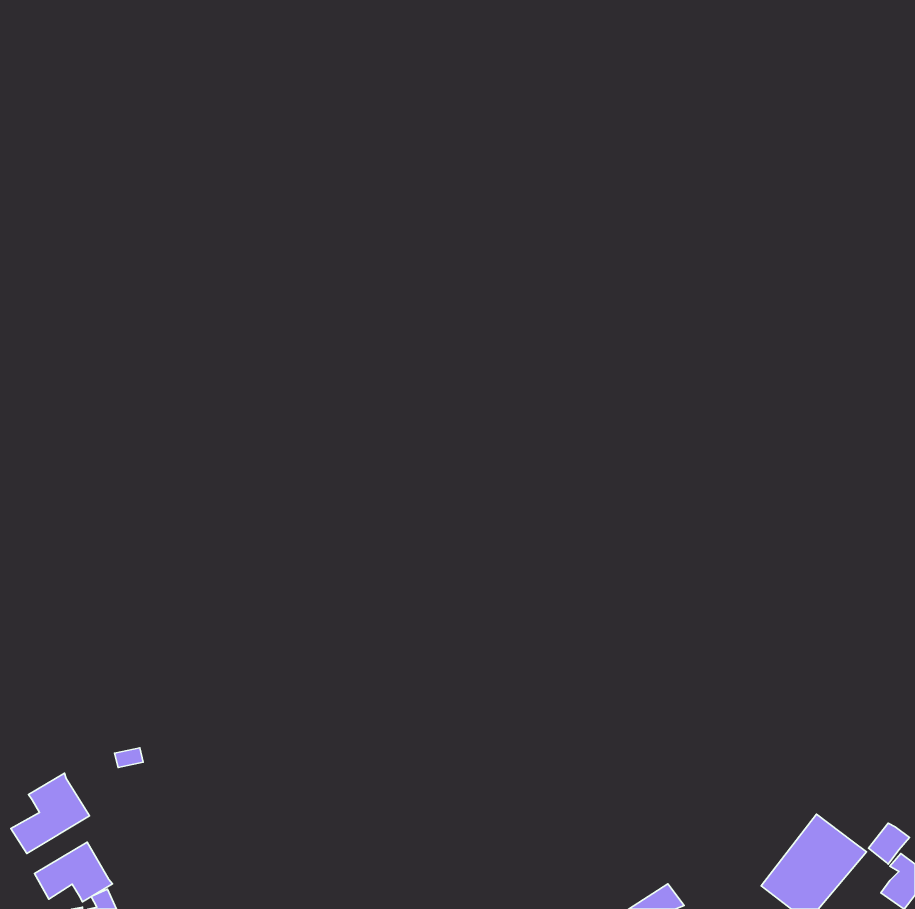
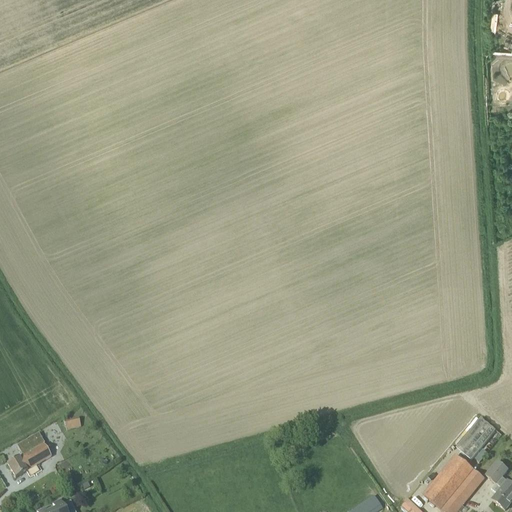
building: none -> [456,416,495,459]
building: [35,842,113,902] -> none

